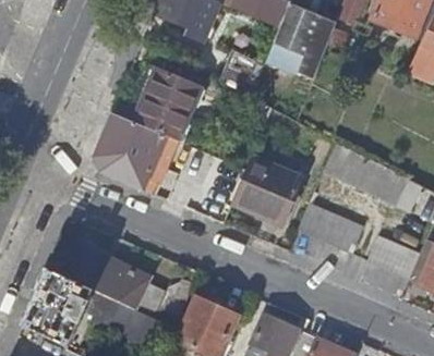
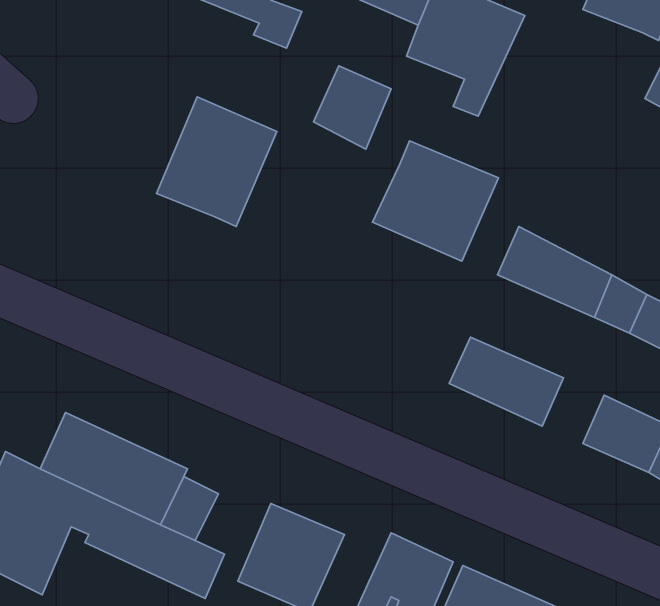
building: [94,114,165,189] -> none
building: [230,157,301,224] -> [373,141,499,261]

